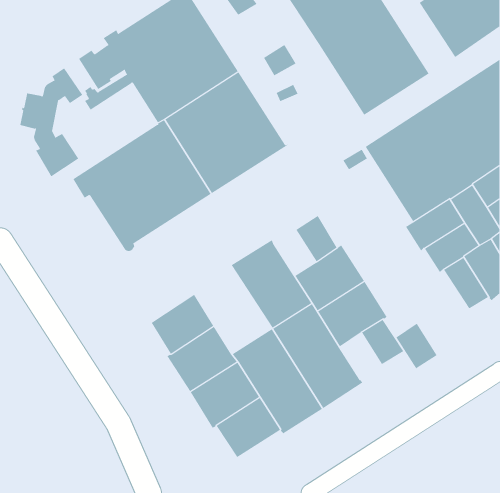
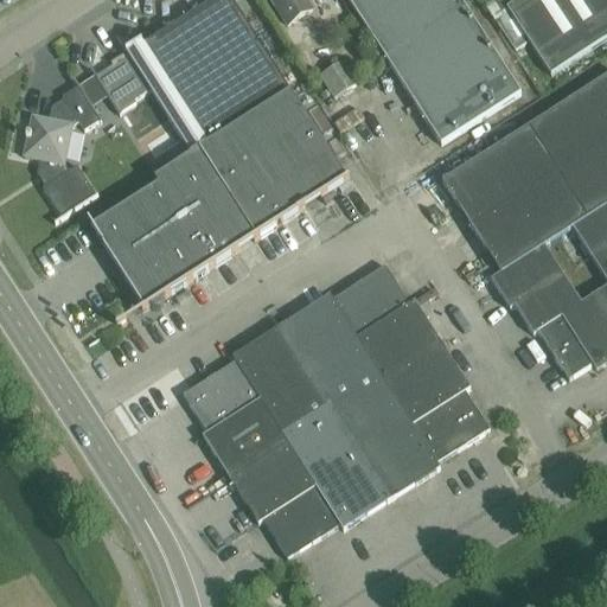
building: none -> [332,279,383,334]
building: none -> [232,321,330,429]
building: [395,323,438,370] -> [411,403,462,460]

